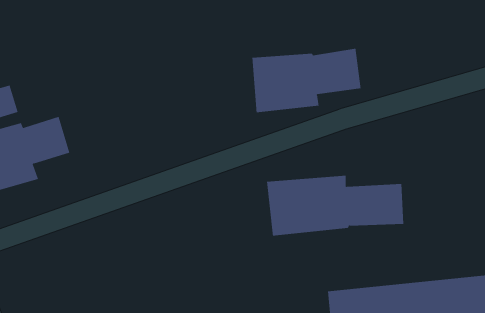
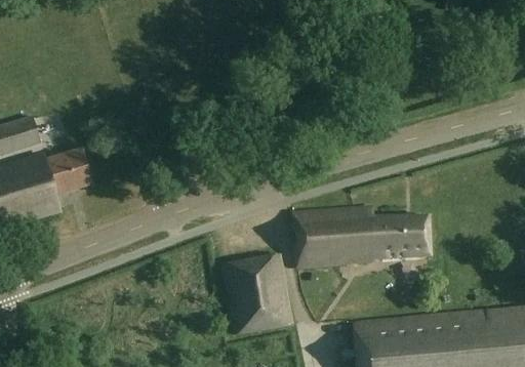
building: [252,48,361,113] -> none
building: none -> [221,254,291,335]

